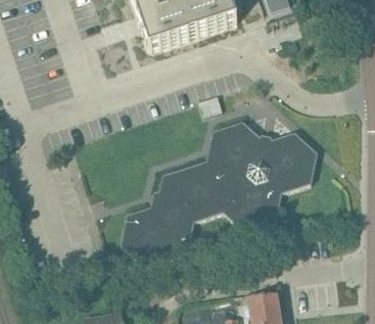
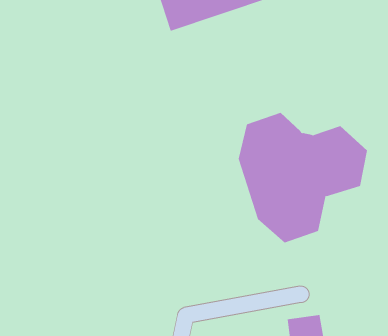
building: [122,159,224,265] -> none

